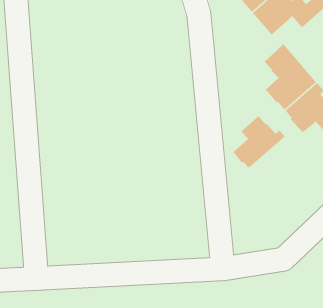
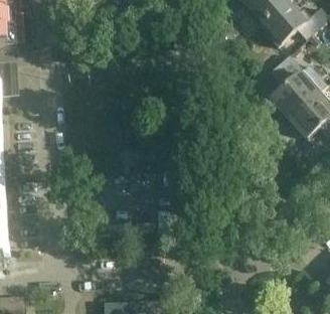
building: [233,115,286,170] -> none

